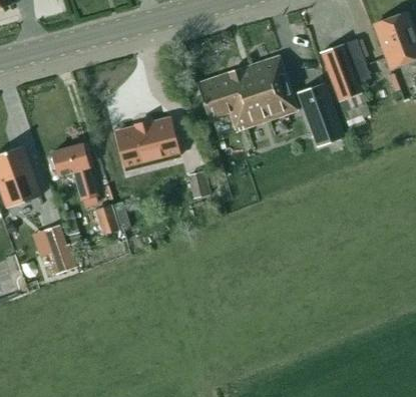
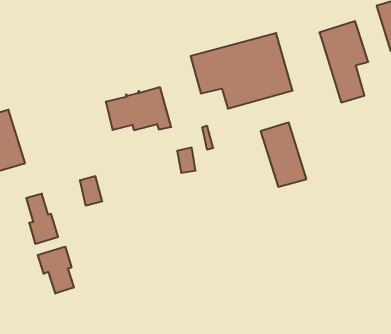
building: [297,82,344,145] -> [261,123,306,187]
building: [51,143,93,189] -> none
building: none -> [38,247,74,294]

